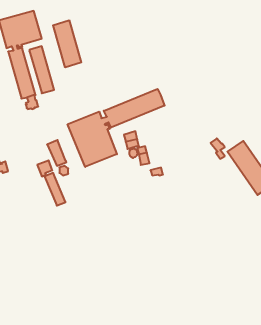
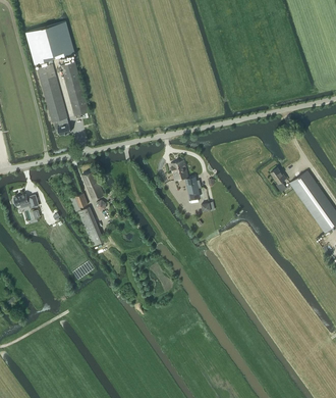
building: [53,20,81,67] -> none
building: [68,89,165,167] -> none

